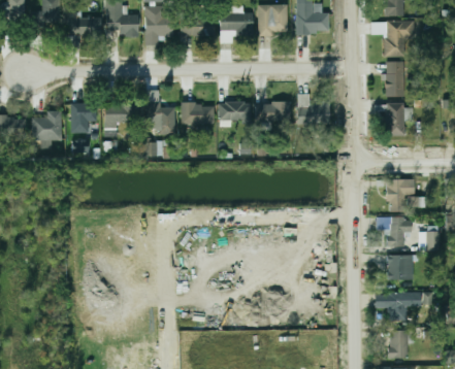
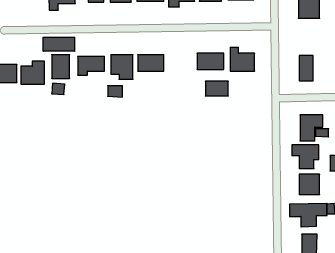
building: [385,62,403,97] -> none
building: none -> [43,37,75,51]
building: [219,102,248,121] -> [205,81,228,96]

